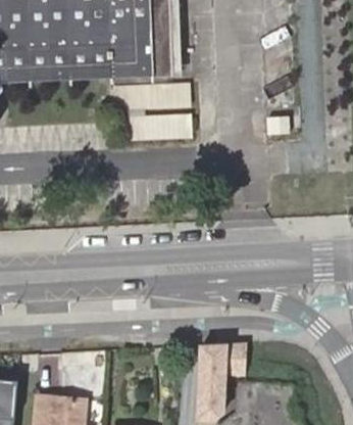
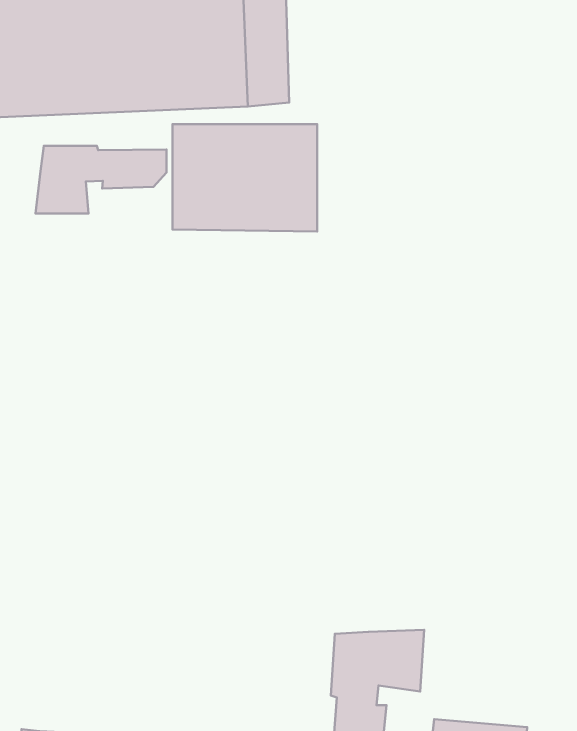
building: none -> [36,146,167,213]

